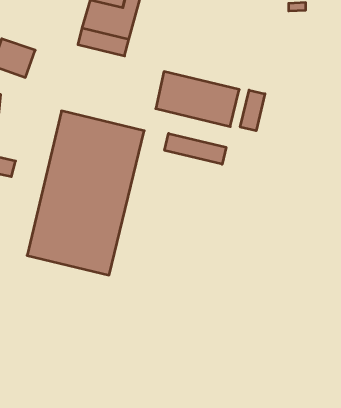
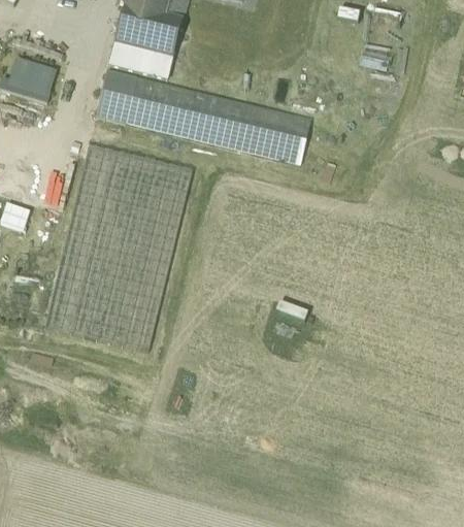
building: none -> [96,69,218,142]
building: [240,90,265,131] -> none
building: [165,133,226,164] -> none

